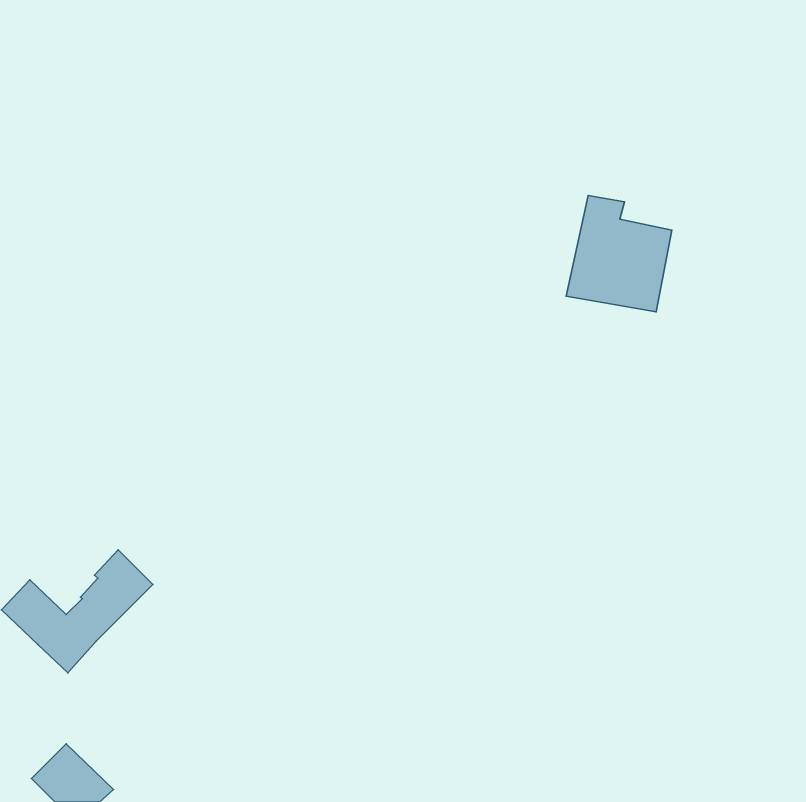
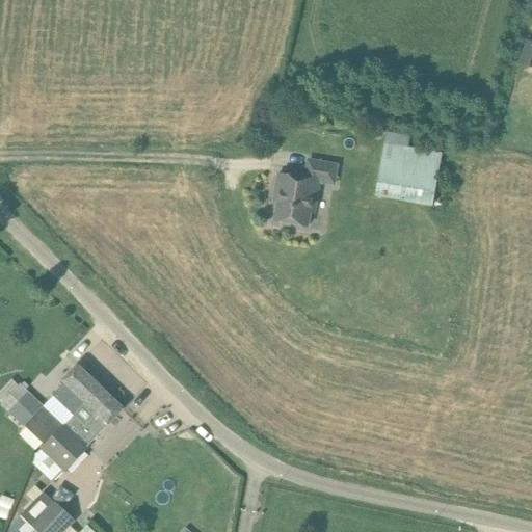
building: none -> [275,159,337,225]
building: none -> [41,385,124,472]

